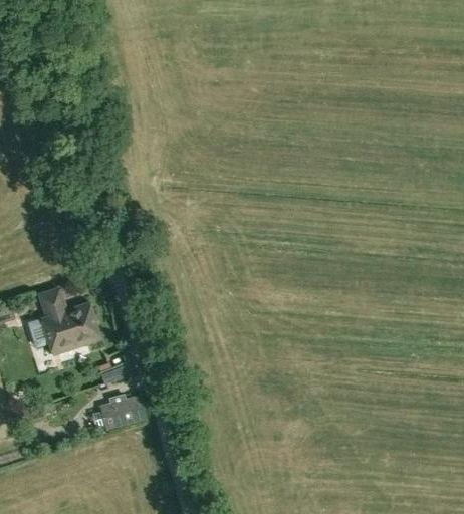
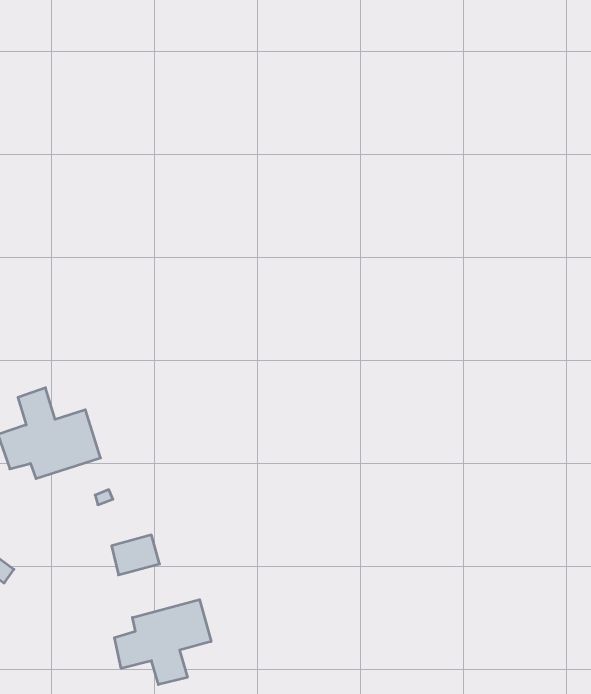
building: none -> [114,600,211,685]

